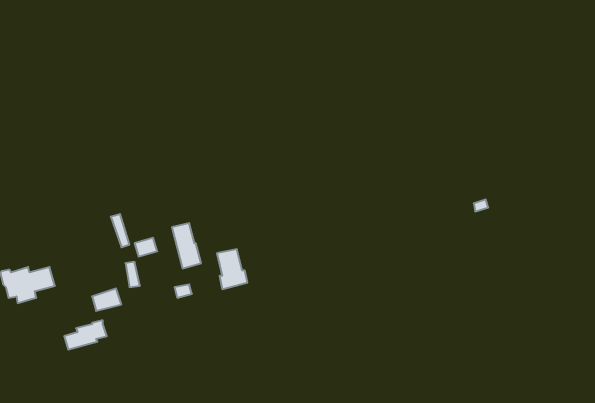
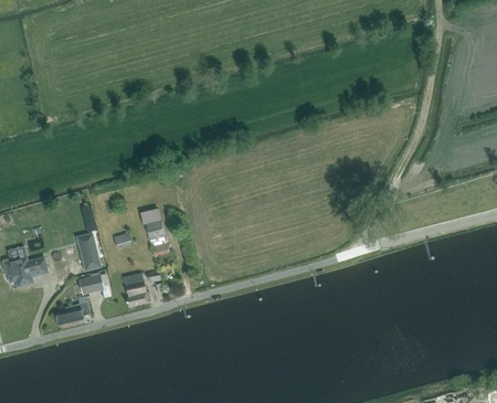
building: none -> [76,233,99,269]
building: [217,249,247,289] -> [125,274,150,307]

